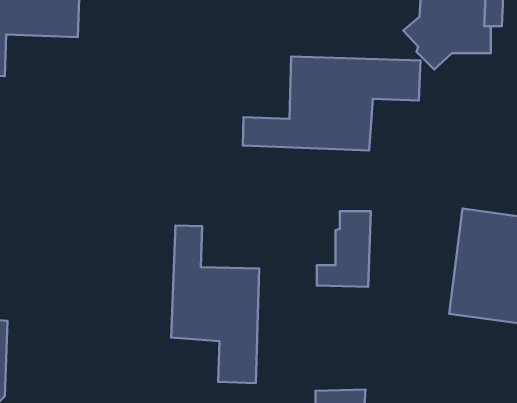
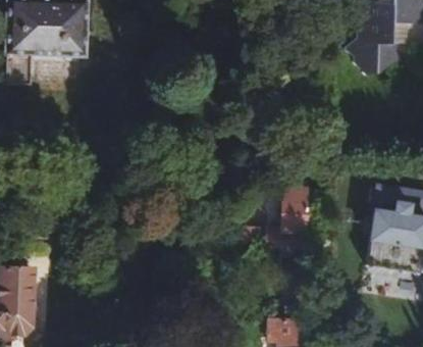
building: [243,56,420,151] -> none
building: [171,226,259,383] -> none

